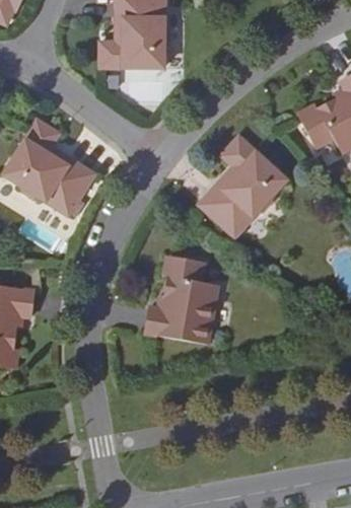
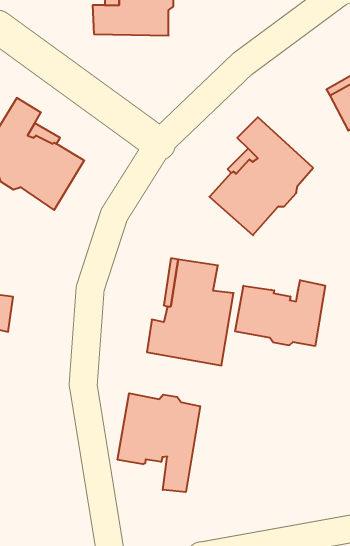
building: none -> [235,280,325,346]
building: none -> [117,393,200,492]

